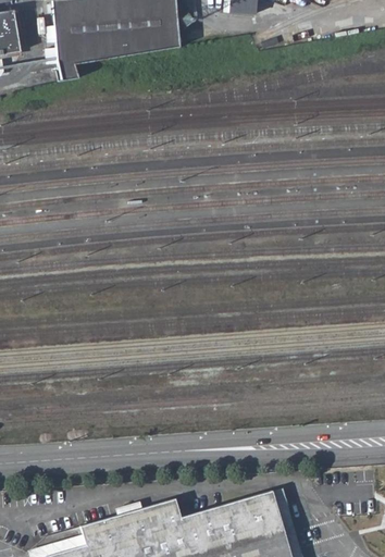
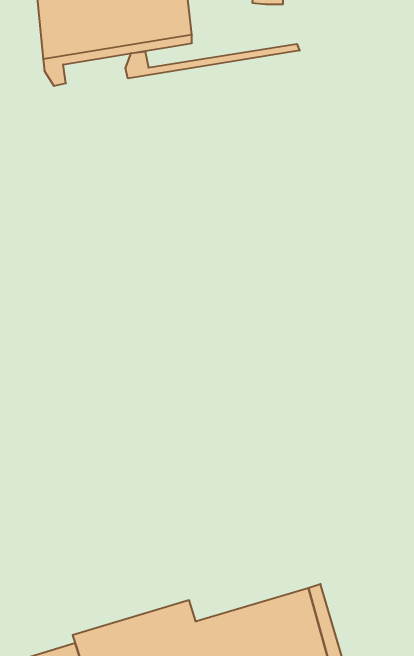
building: none -> [126,44,300,78]

